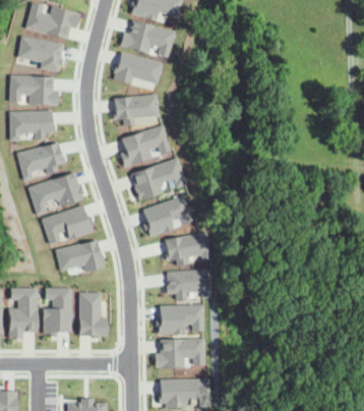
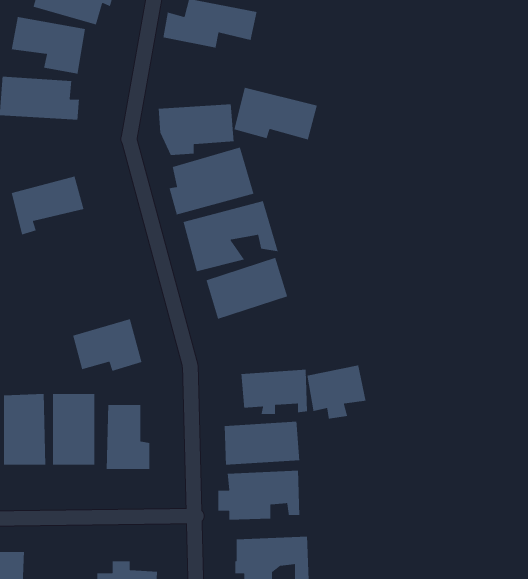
building: [110,52,166,87] -> [233,87,318,141]
building: [10,112,57,142] -> none
building: [25,166,82,207] -> none
building: [39,204,88,242] -> none
building: [163,232,202,269] -> [307,364,366,420]

